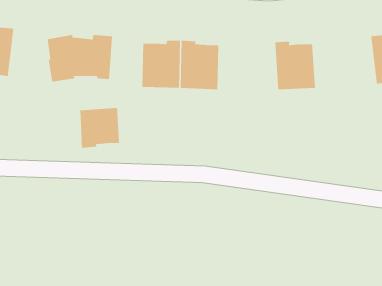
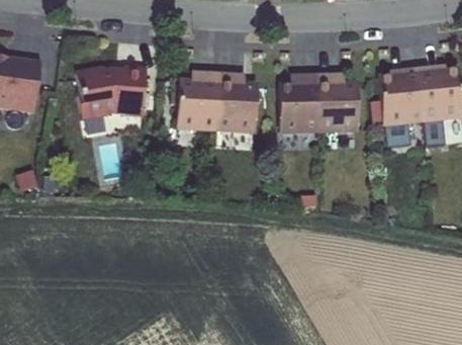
building: none -> [376,68,423,123]
building: none -> [275,74,318,126]
building: [80,107,119,148] -> none

